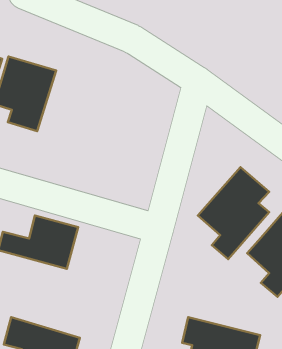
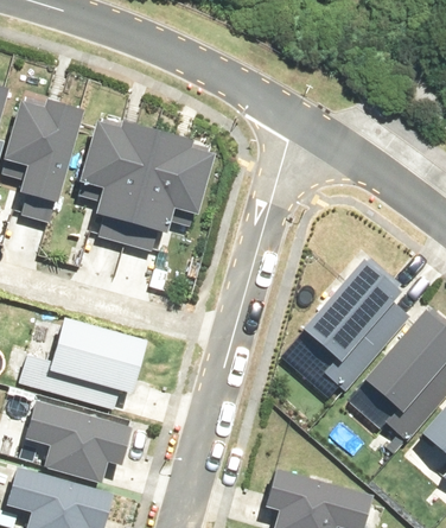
building: none -> [76,122,214,227]
building: none -> [30,399,141,483]

